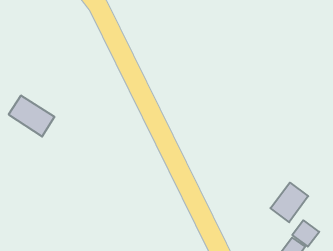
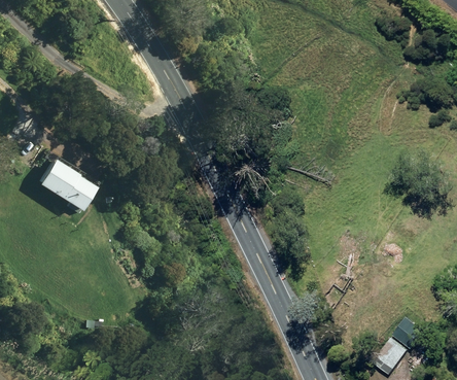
building: [270,183,308,222] -> none

